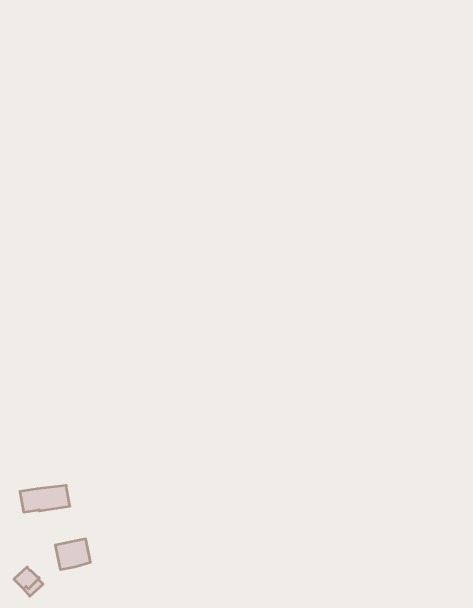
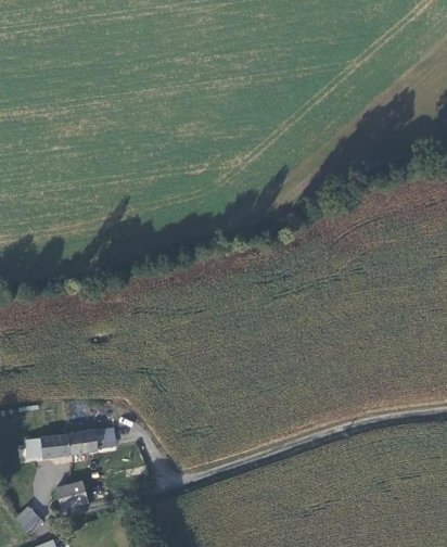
building: none -> [65,429,111,454]

